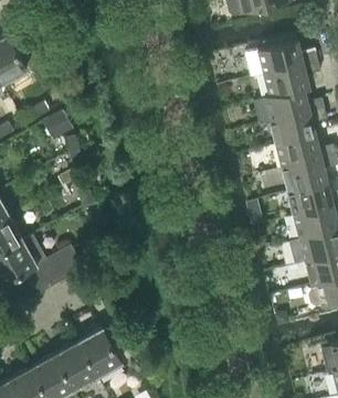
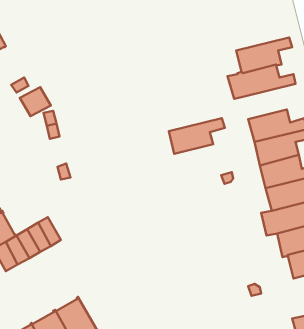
building: [257,40,317,74] -> none
building: [270,108,327,144] -> [169,118,225,154]

